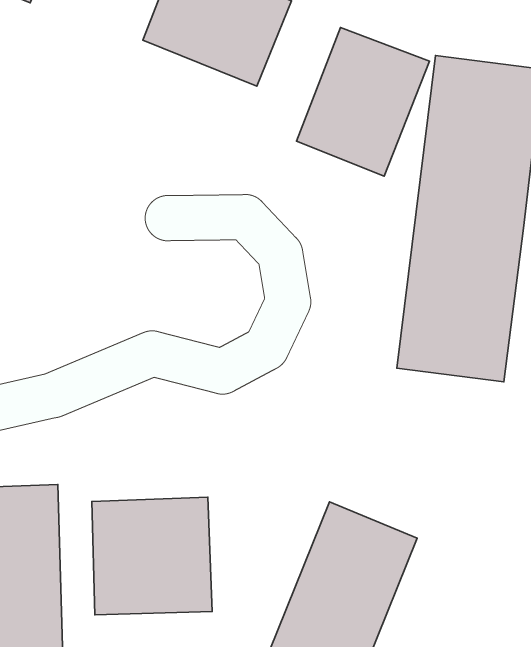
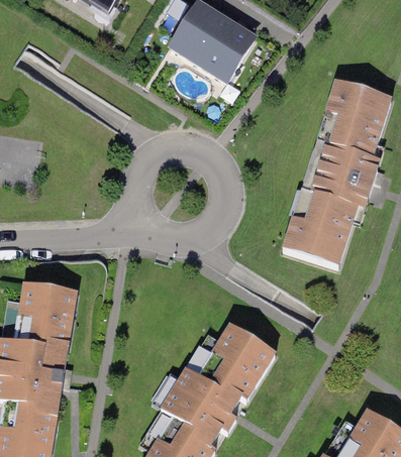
building: [297,27,429,176] -> none
building: [92,497,212,615] -> none

